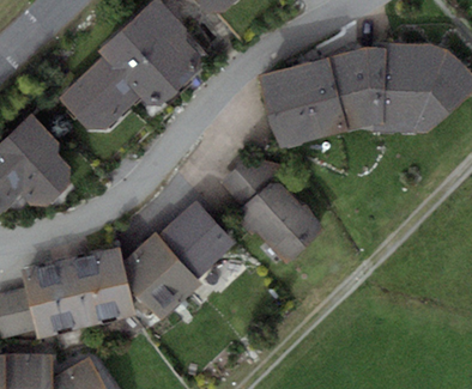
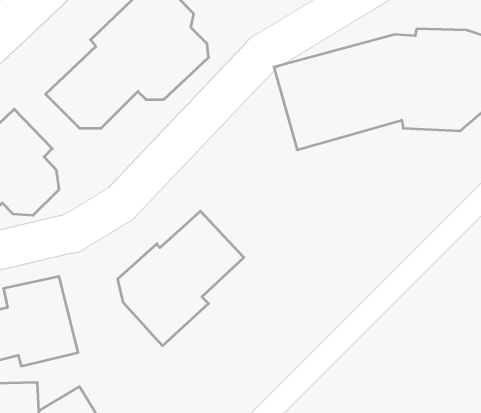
building: [219,158,322,263] -> none
building: [69,248,134,327] -> none

